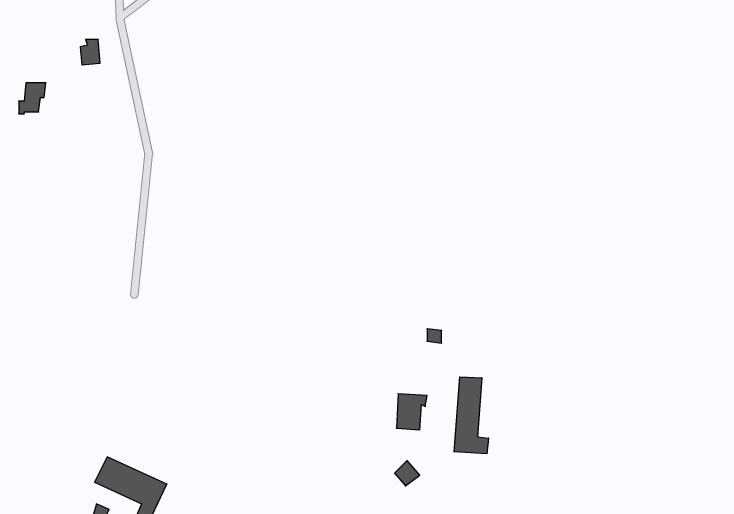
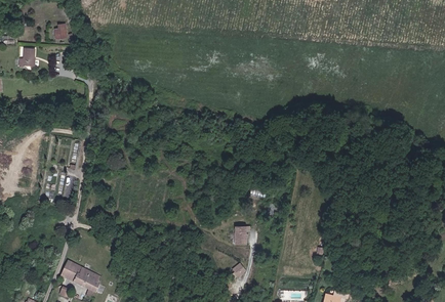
building: [454,377,488,454] -> none

